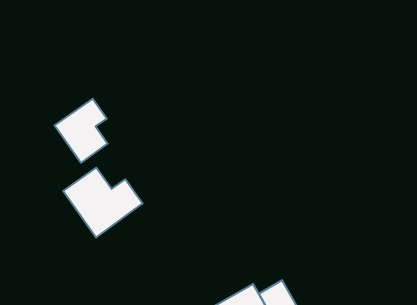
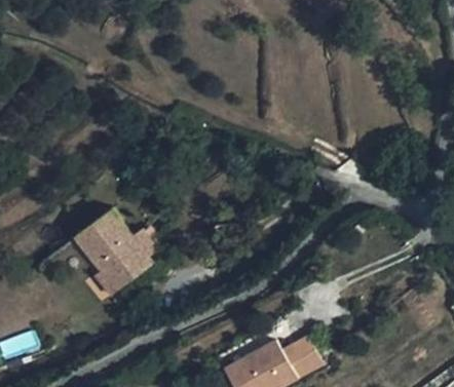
building: [54,99,108,163] -> none

